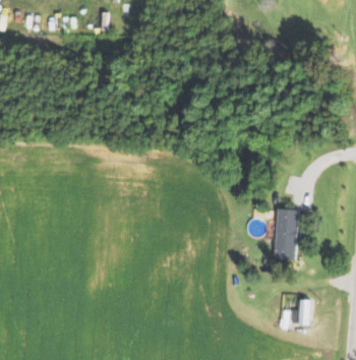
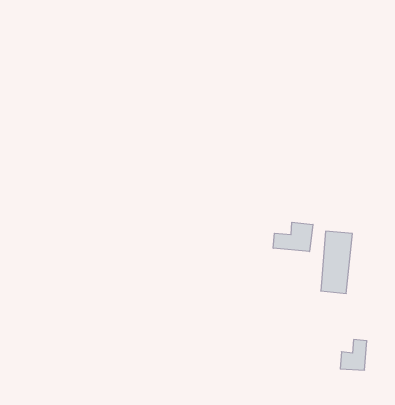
building: none -> [273,222,313,252]

